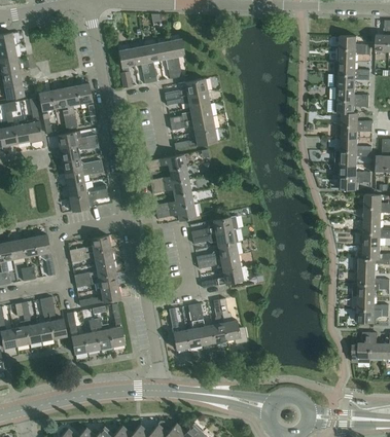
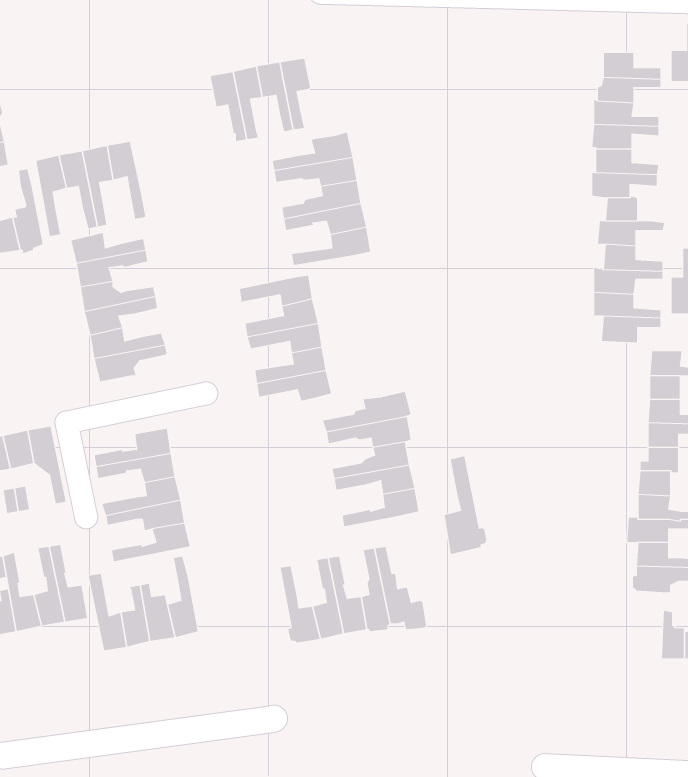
building: [118,48,135,87] -> none
building: none -> [444,455,487,555]
building: [353,332,373,363] -> none

